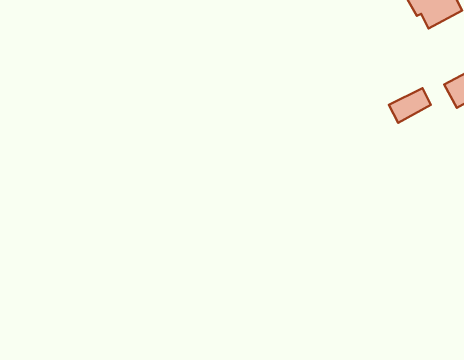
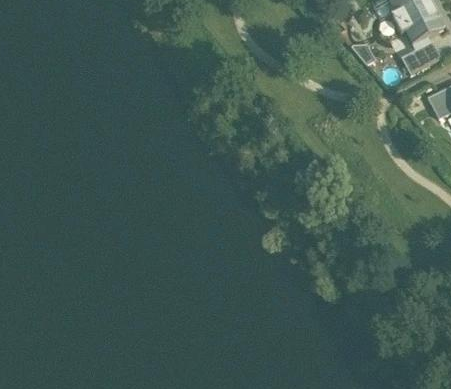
building: [389,88,431,123] -> [399,40,439,73]

